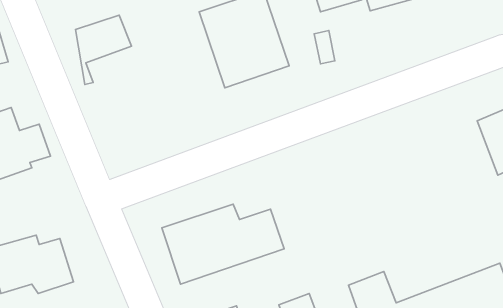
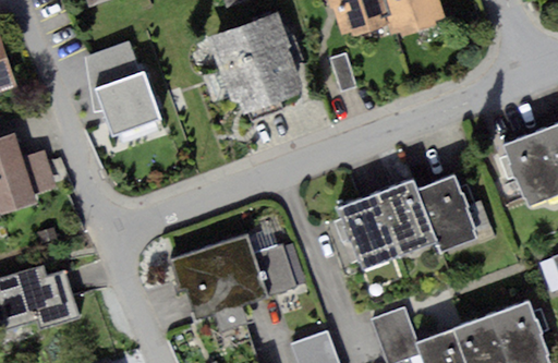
building: none -> [94,71,159,136]
building: none -> [337,173,476,269]

